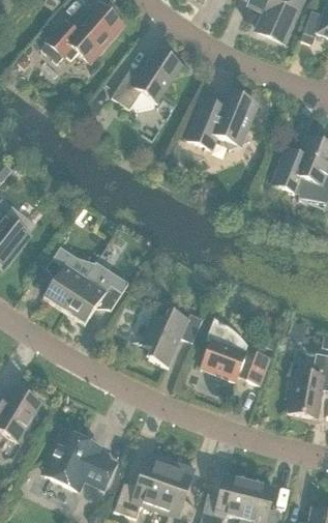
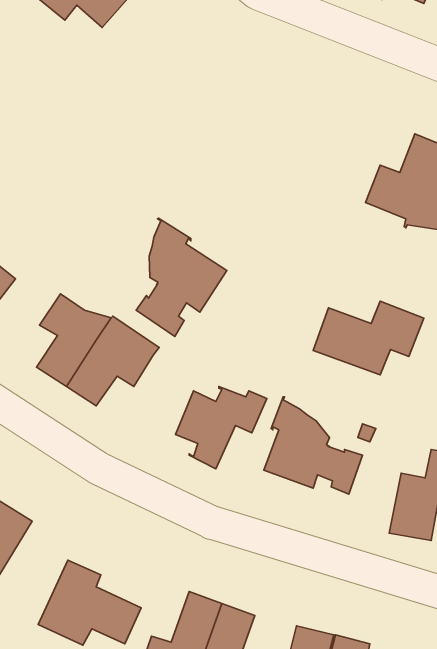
building: [111,47,182,108] -> none
building: [186,92,256,148] -> none
building: none -> [136,218,227,336]
building: none -> [313,301,424,375]

